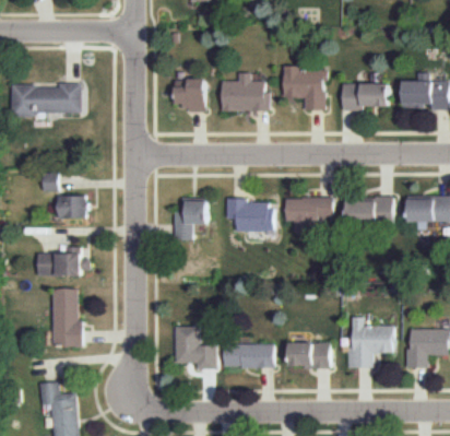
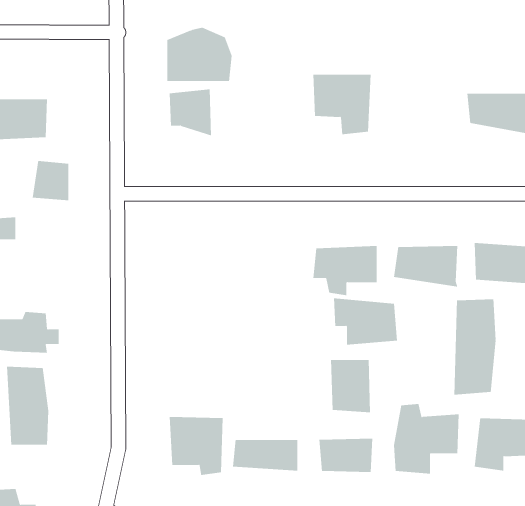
building: [222,71,272,113] -> [166,27,233,82]
building: [343,82,389,109] -> none
building: [58,191,86,222] -> [32,161,69,201]
building: [174,197,209,240] -> none
building: [226,198,275,234] -> [333,298,398,345]
building: none -> [454,298,496,396]
building: none -> [330,359,371,413]

